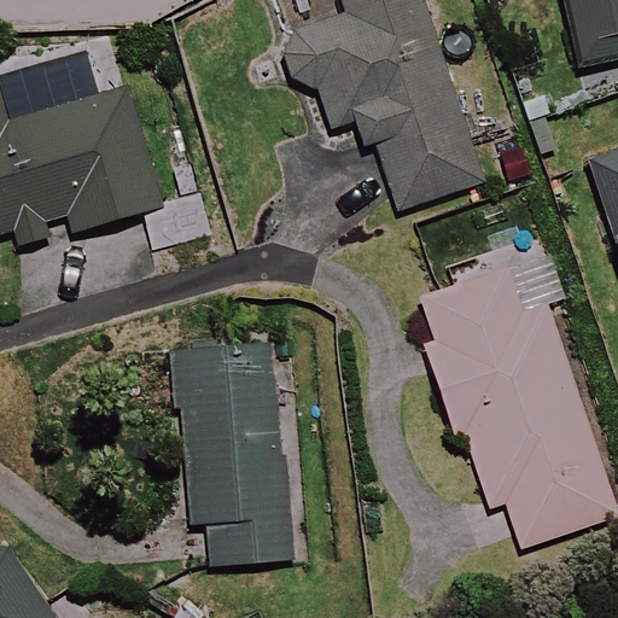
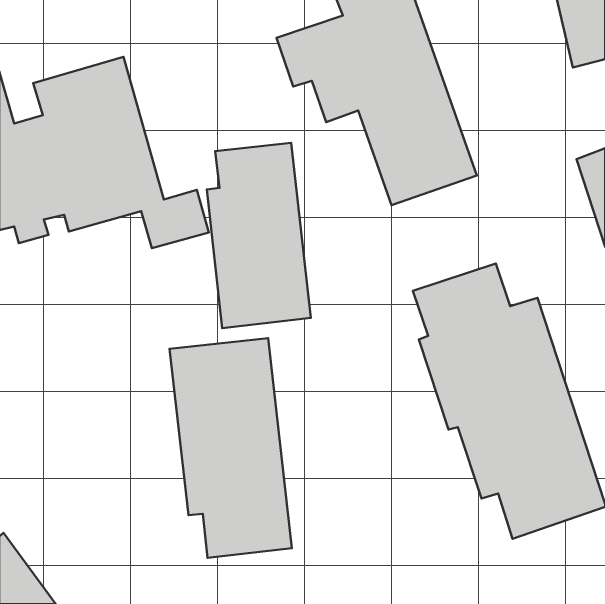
building: none -> [207,143,311,328]

